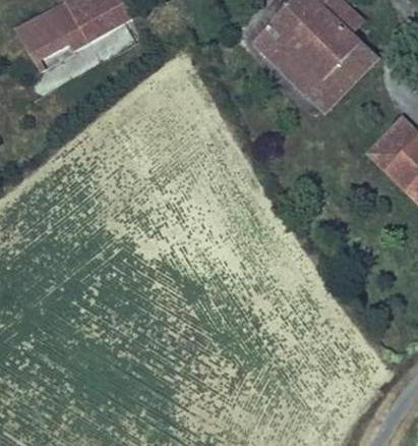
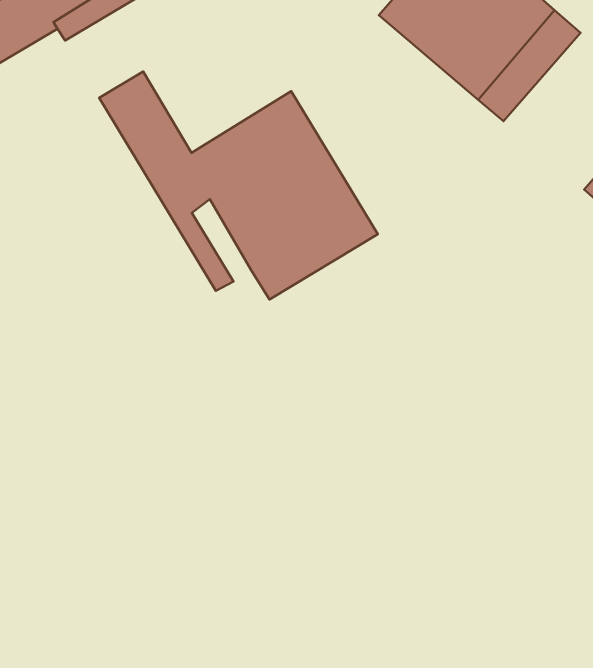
building: none -> [99,71,378,300]

